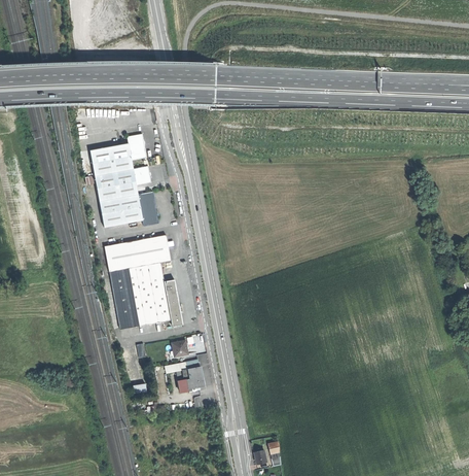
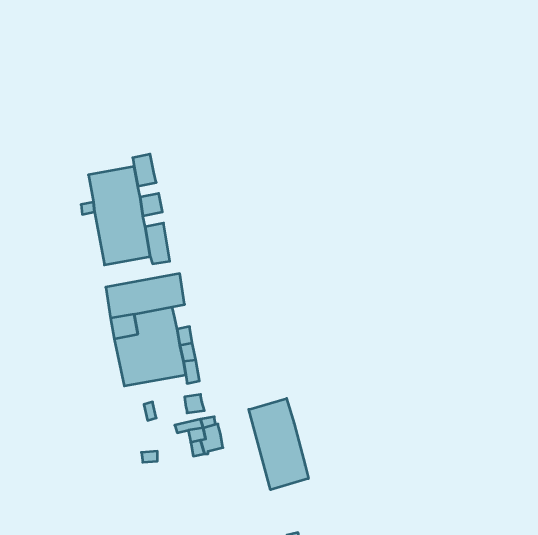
building: none -> [249,398,308,490]

